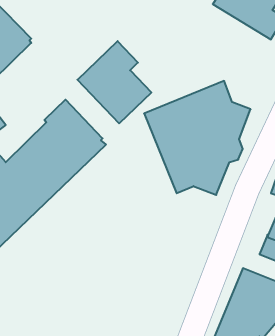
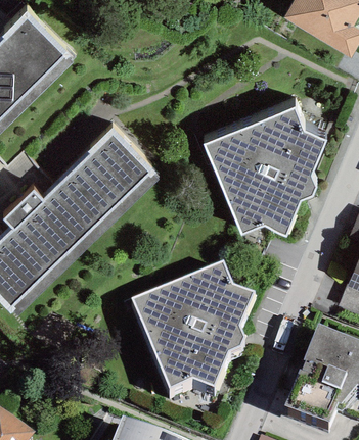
building: [77,41,151,123] -> none
building: none -> [131,259,255,391]

